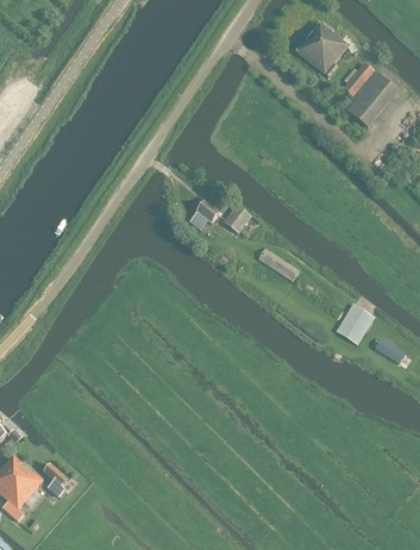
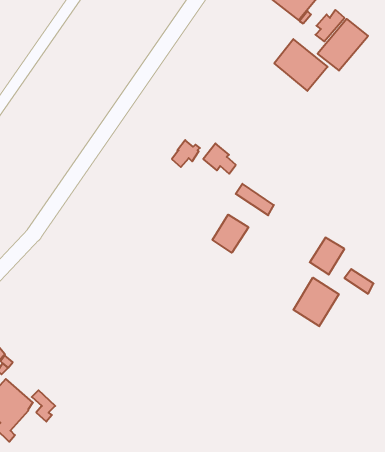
building: none -> [274,39,328,91]
building: none -> [212,215,248,253]
building: none -> [293,278,339,326]

